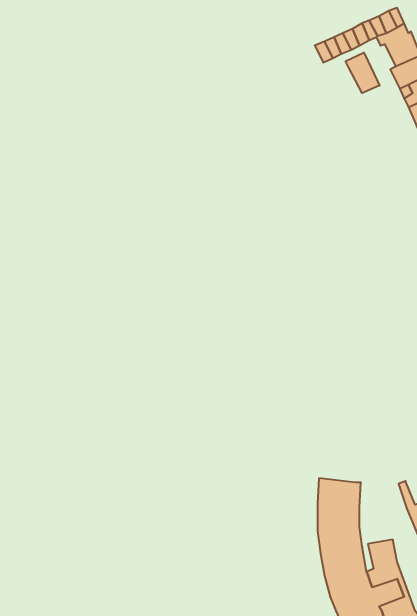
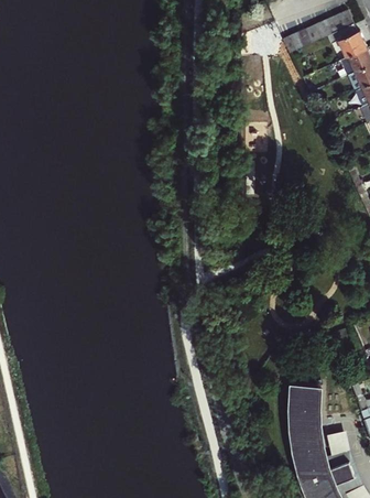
building: [346,53,380,93] -> none

